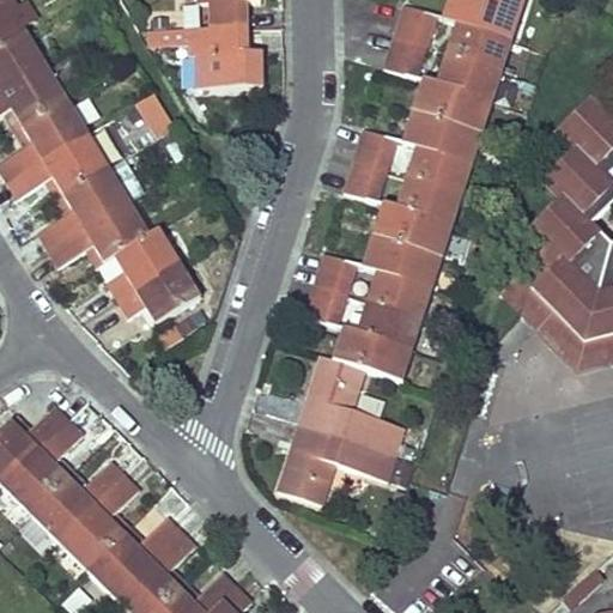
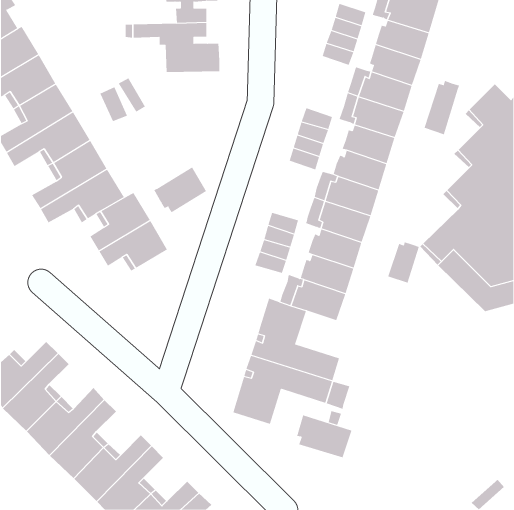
building: none -> [424,80,460,135]
building: none -> [153,167,207,213]
building: none -> [388,242,419,283]
building: none -> [296,415,352,458]

